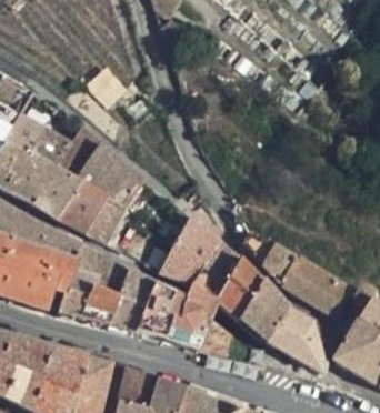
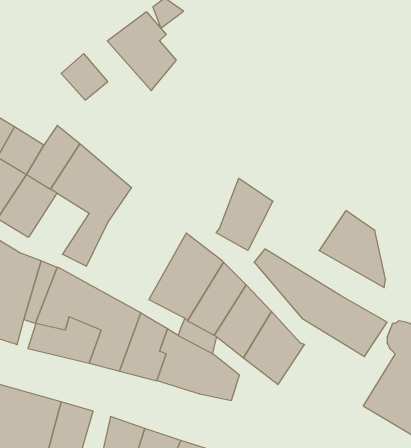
building: none -> [107,12,176,91]
building: none -> [216,178,273,250]
building: [58,182,108,233] -> none
building: [266,309,321,373] -> [319,211,386,288]

